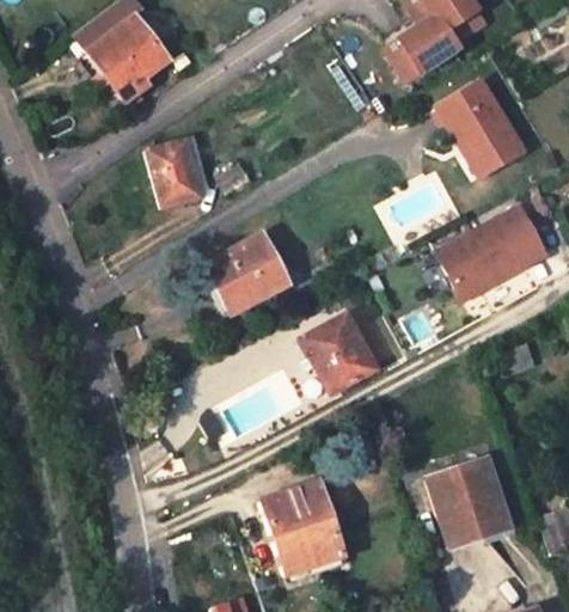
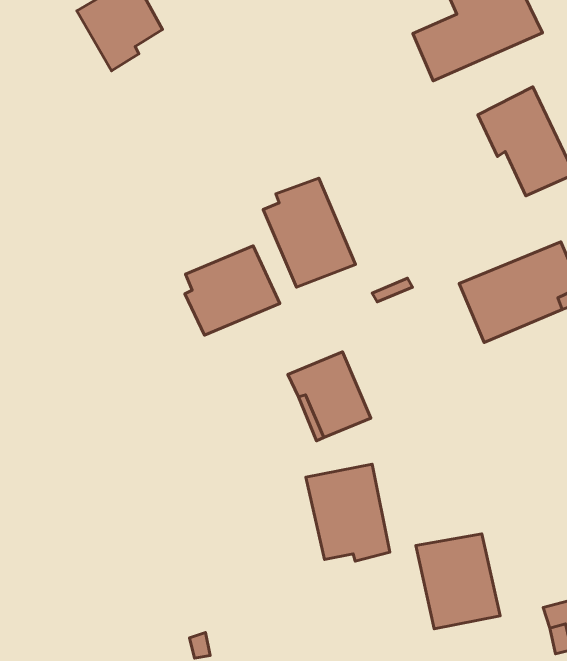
building: [147,139,203,207] -> none
building: none -> [263,178,355,287]
building: [264,484,342,569] -> [306,464,390,561]

